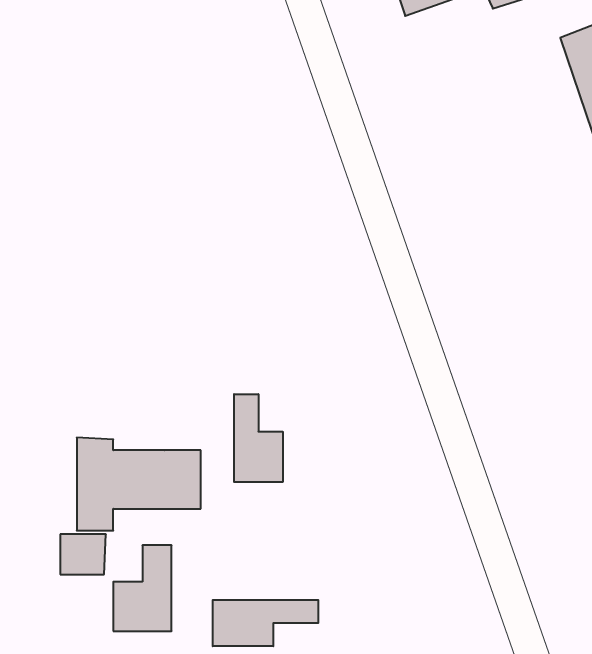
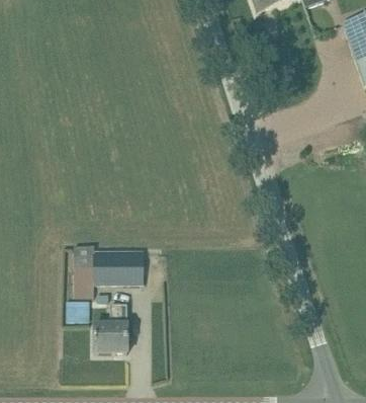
building: [234,394,283,482] -> none
building: [213,600,318,646] -> none

